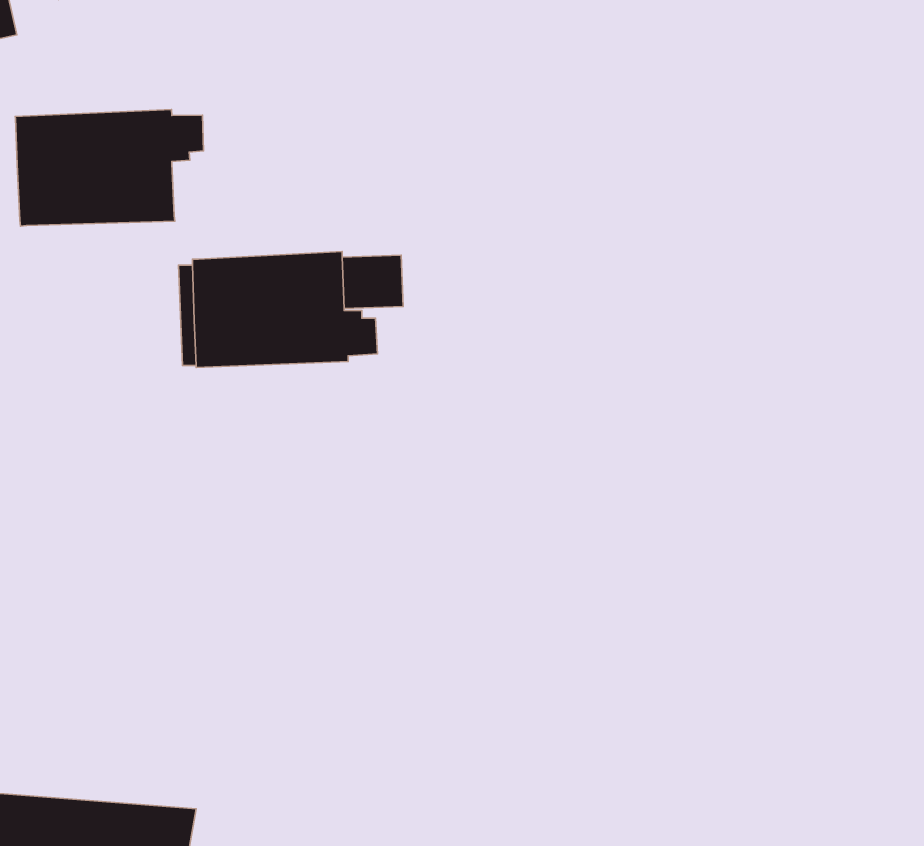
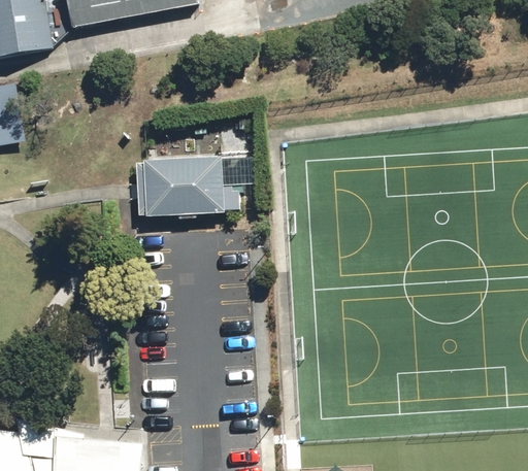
building: [15,110,203,226] -> none

